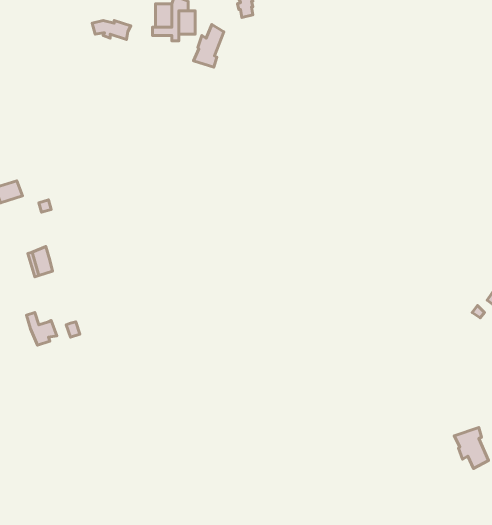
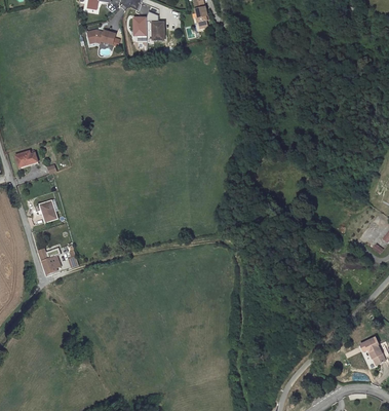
building: [193,25,224,67] -> none

